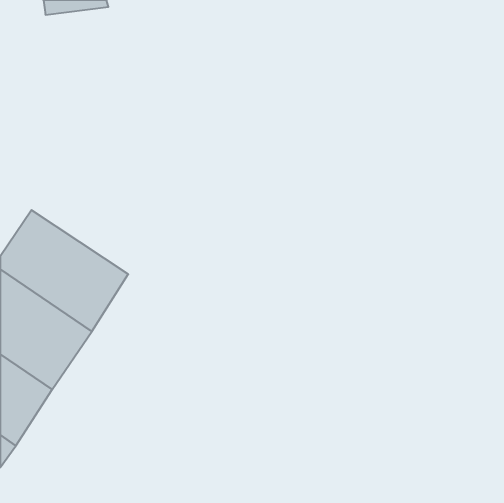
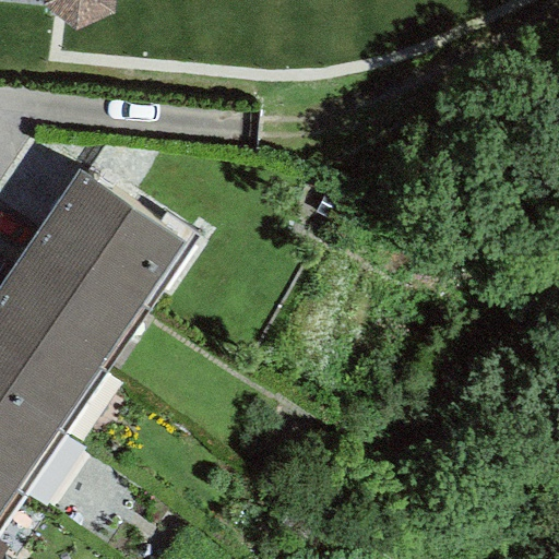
building: none -> [35,171,185,305]

